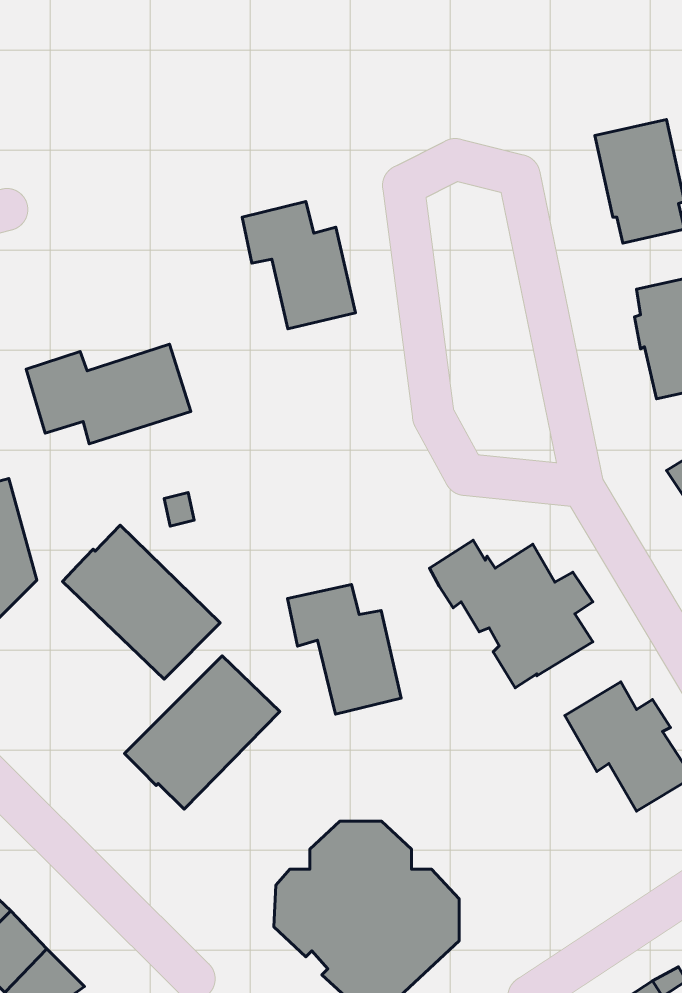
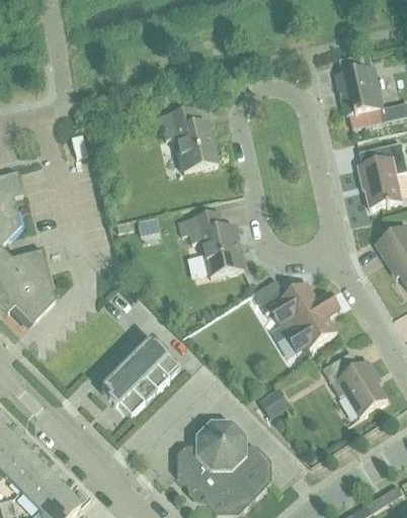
building: [26,344,191,444] -> none
building: [62,525,220,679] -> none
building: [288,584,401,714] -> [186,210,244,276]
building: none -> [258,387,290,418]

